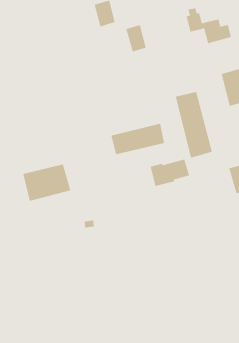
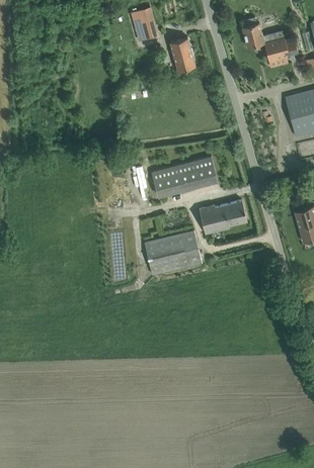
building: [175,91,213,159] -> none
building: [23,164,71,201] -> [144,231,203,277]

